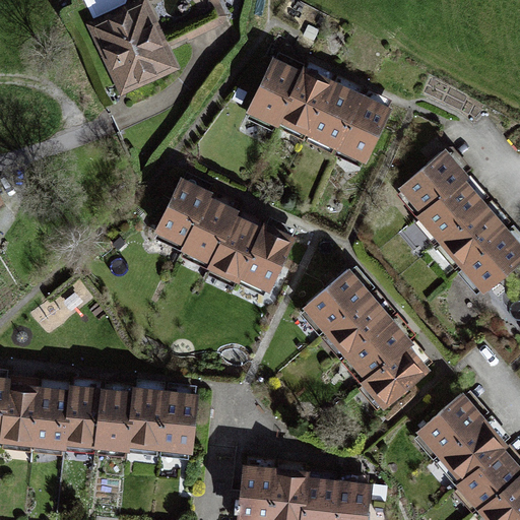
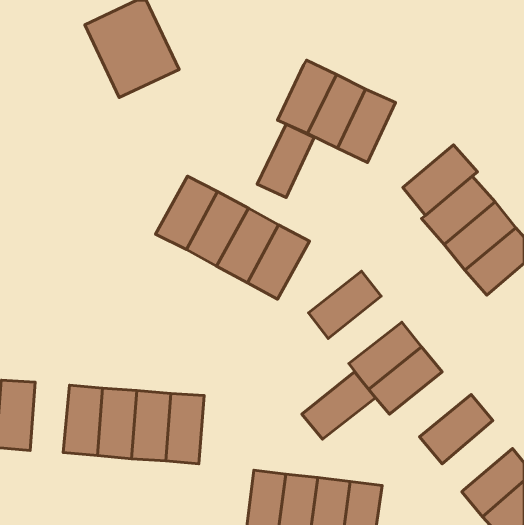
building: [242,55,298,127] -> [257,124,314,198]
building: [322,295,394,361] -> [302,372,375,439]
building: [29,379,68,448] -> none
building: [434,416,506,484] -> none

